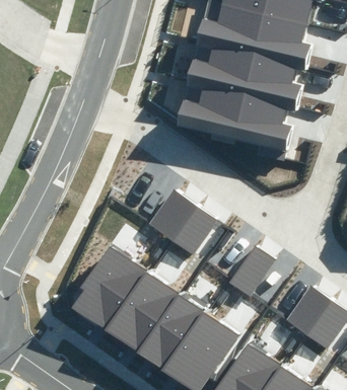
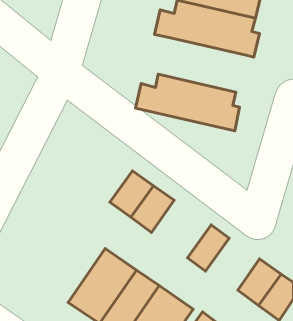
building: [186,47,298,107] -> none
building: [70,250,143,330] -> none

